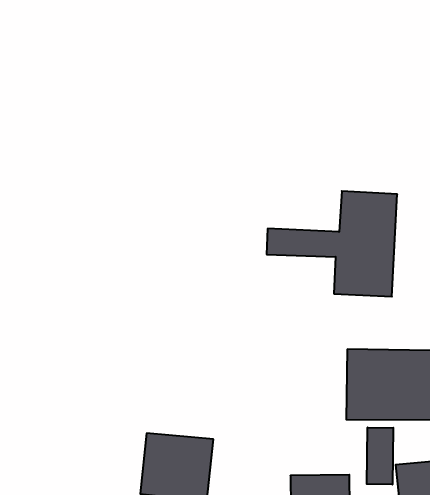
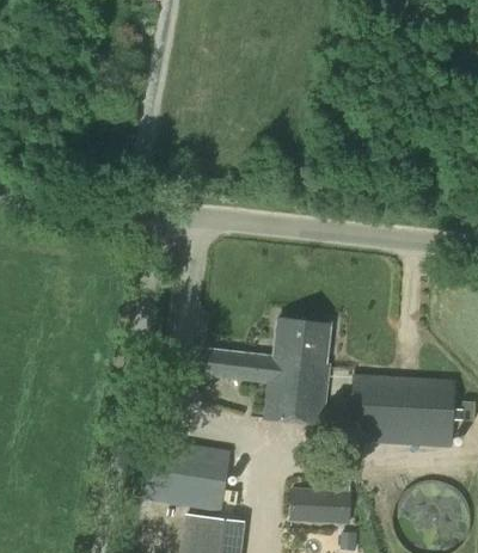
building: [267,191,397,297] -> [202,317,332,422]
building: [367,427,393,485] -> none

